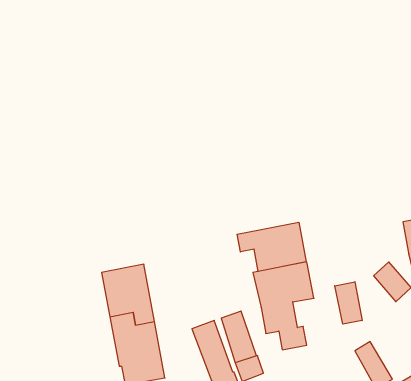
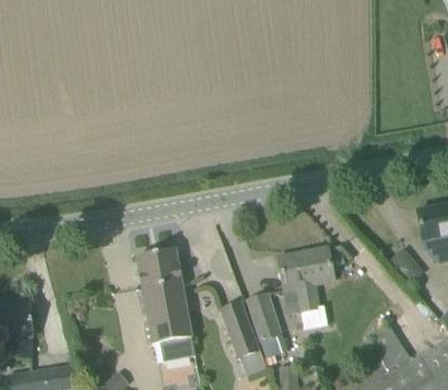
building: [237,222,306,271] -> none
building: [335,282,362,324] -> none

